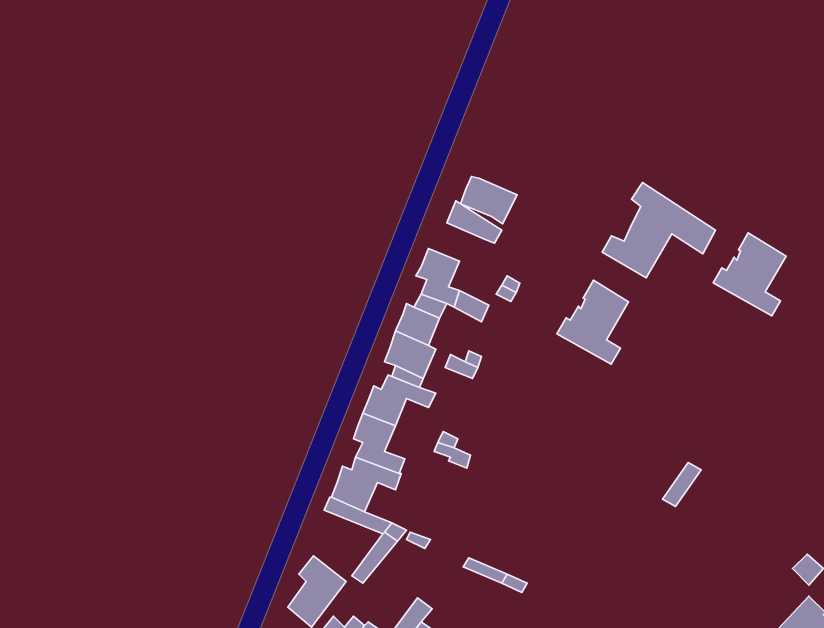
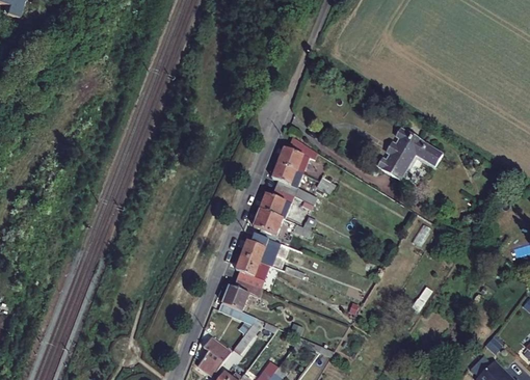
building: [461,176,517,224] -> [277,146,310,173]
building: [713,233,786,316] -> none
building: [557,280,629,364] -> none

